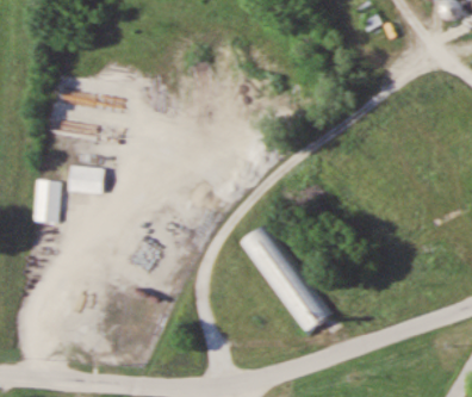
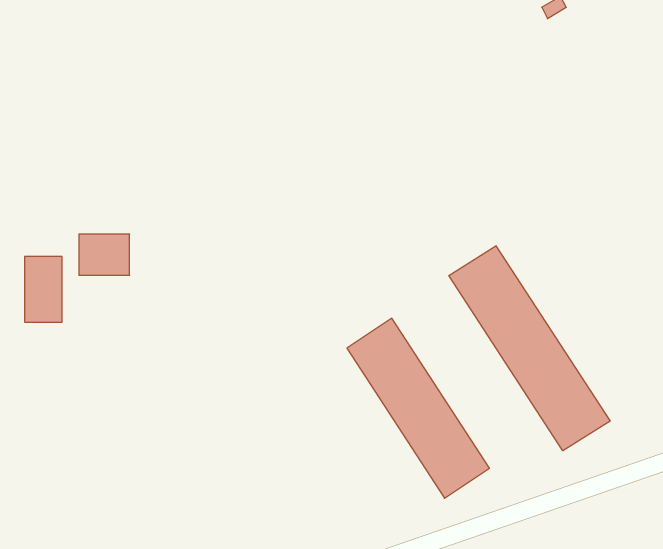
building: none -> [449,246,610,451]

